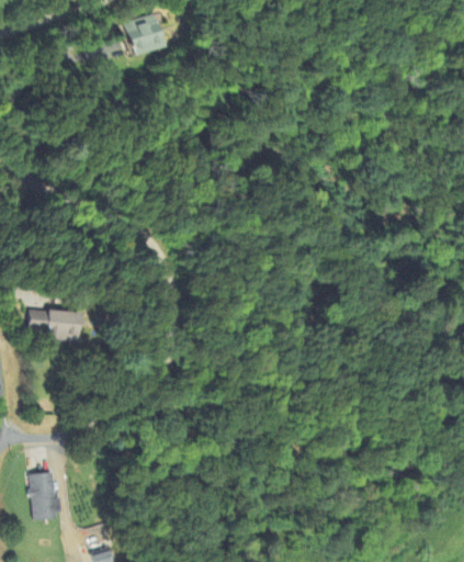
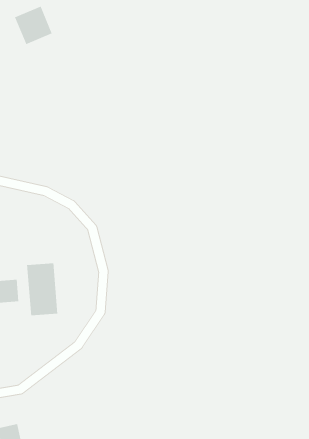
building: none -> [27,262,58,316]

